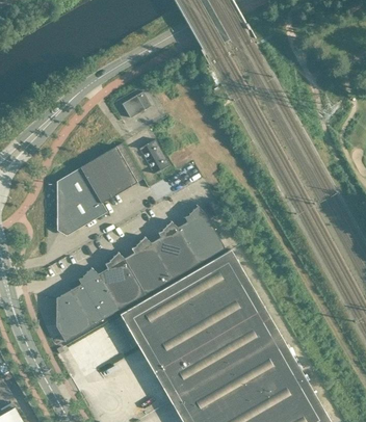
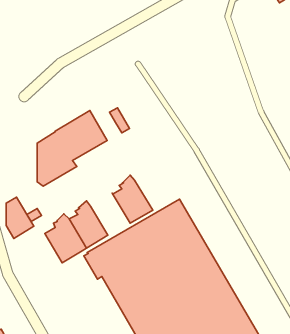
building: [122,93,152,118] -> none
building: [177,206,225,264] -> none
building: [124,237,172,294] -> none
building: [56,292,89,342] -> [6,197,34,238]

